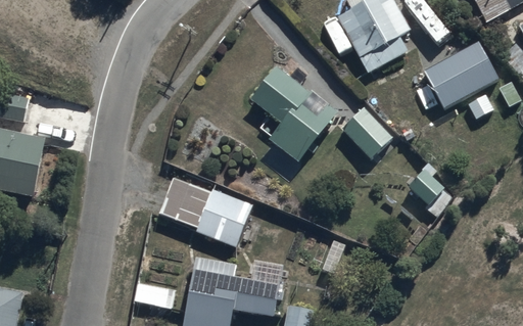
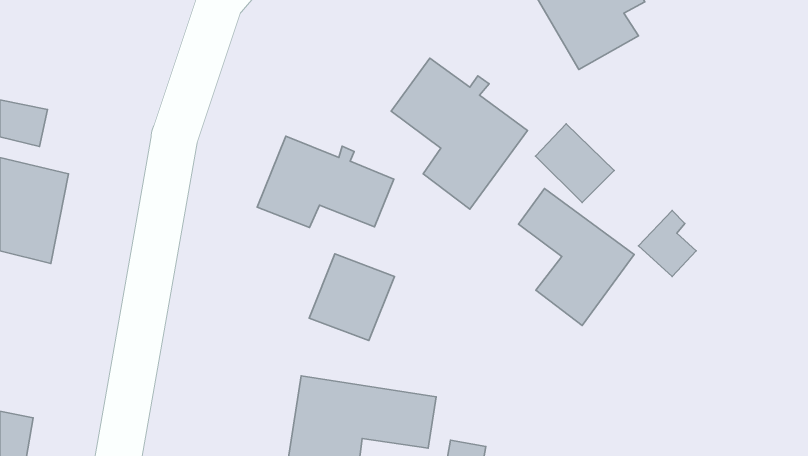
building: [417,42,498,119] -> none
building: none -> [257,136,394,227]
building: none -> [518,189,634,326]

